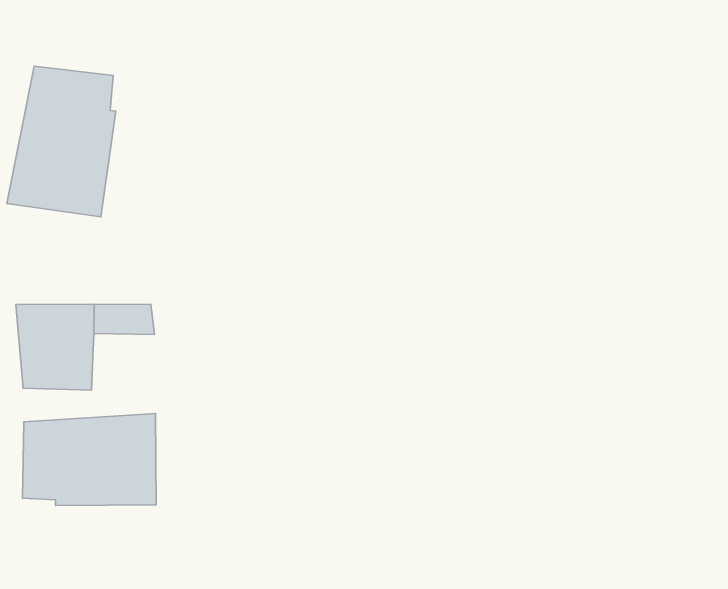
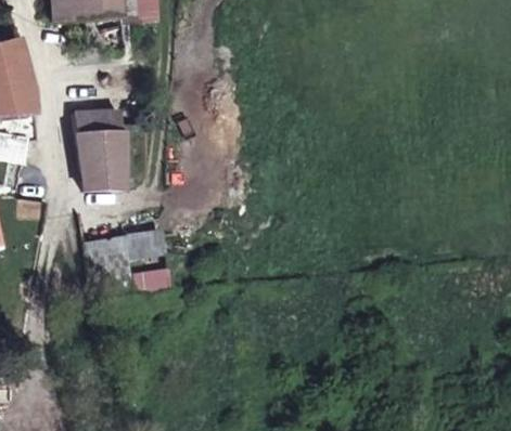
building: [23,413,156,505] -> none

